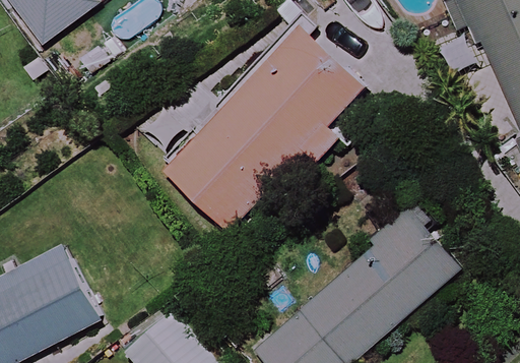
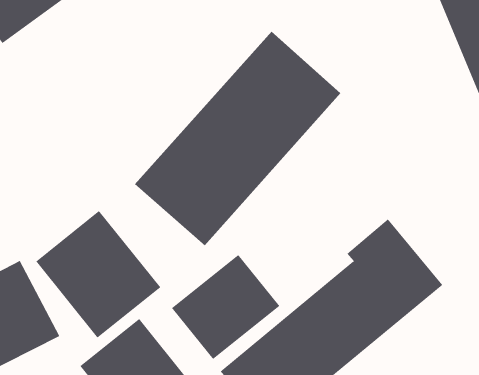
building: none -> [35,210,161,338]
building: none -> [171,254,280,360]

